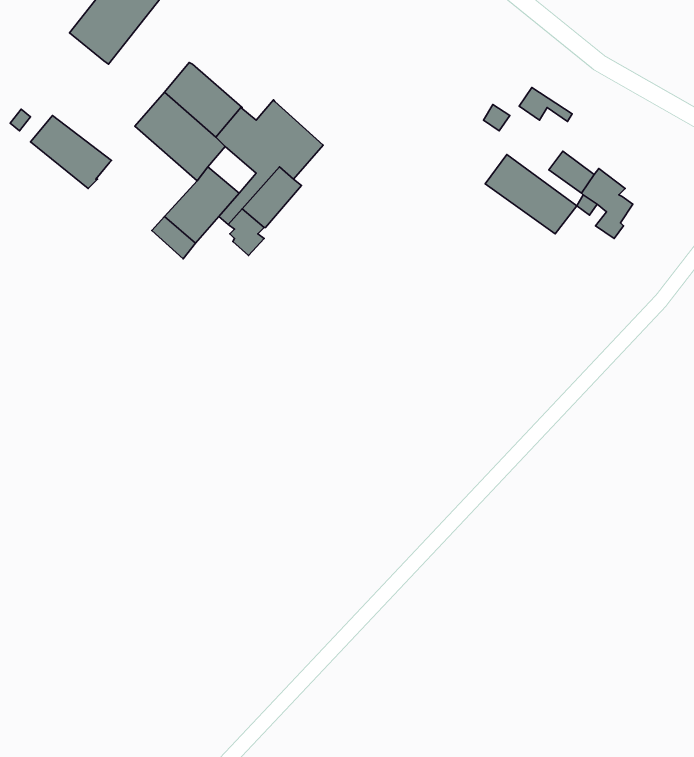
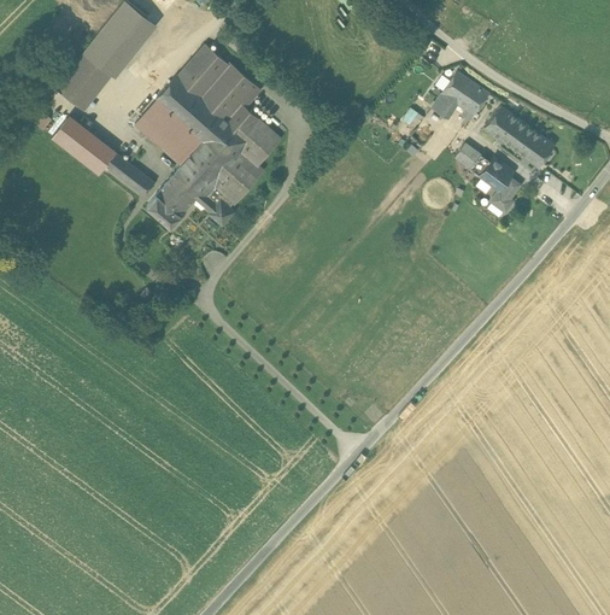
building: none -> [178,46,257,121]
building: none -> [55,53,110,109]
building: none -> [441,72,488,116]
building: none -> [190,141,228,177]
building: [485,154,577,234] -> [483,106,555,168]
building: none -> [104,153,154,197]

